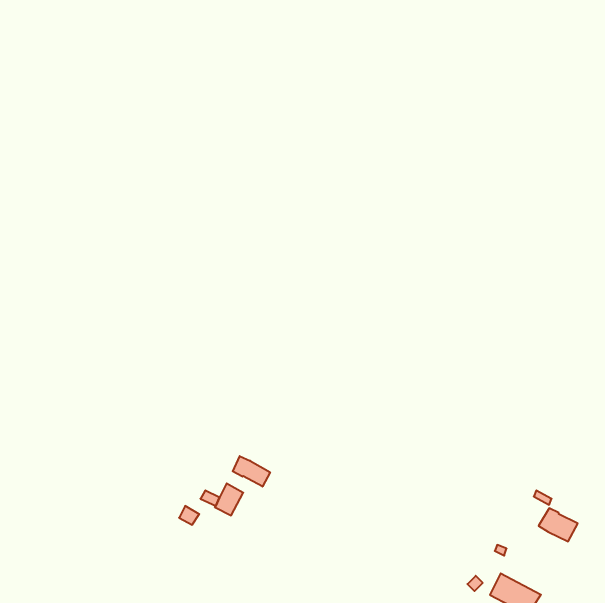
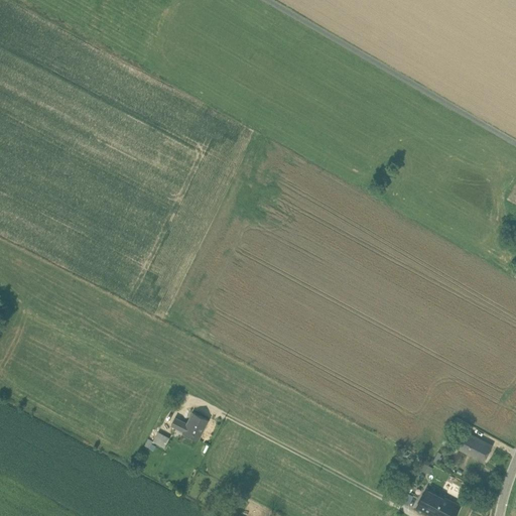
building: [233,456,270,487] -> none

